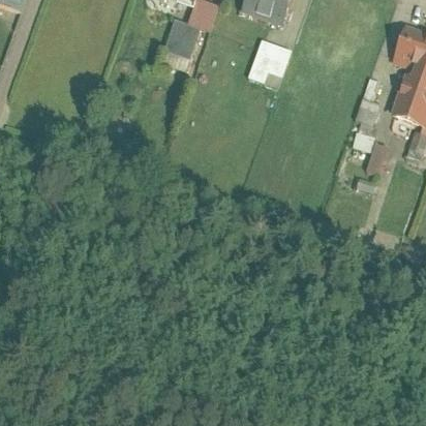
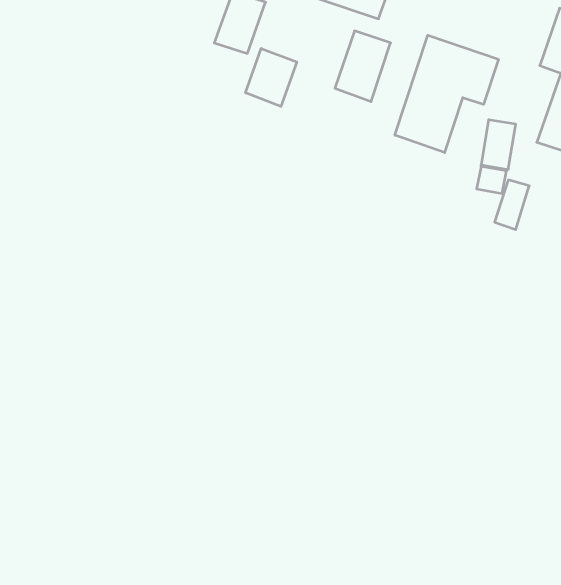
building: none -> [395,35,498,153]
building: none -> [246,48,297,106]

